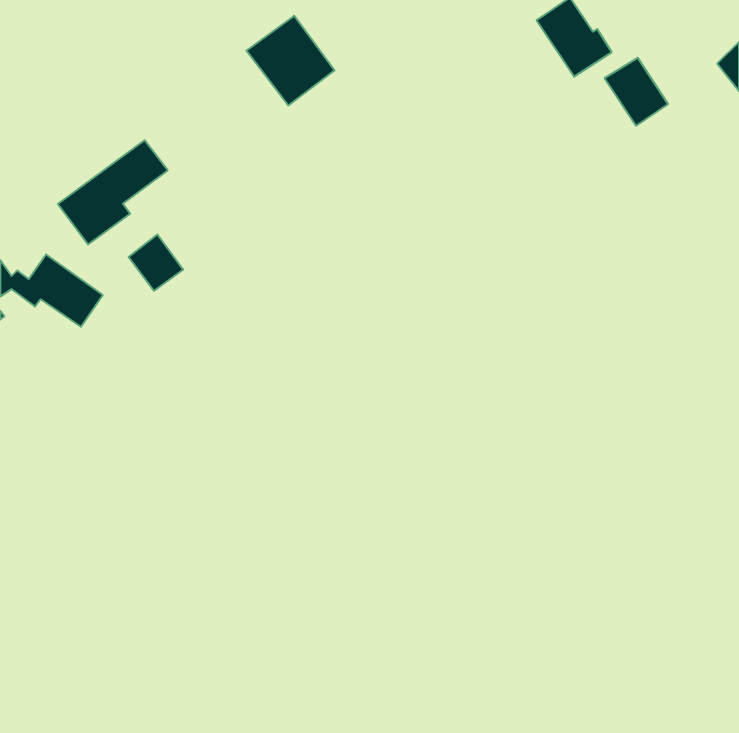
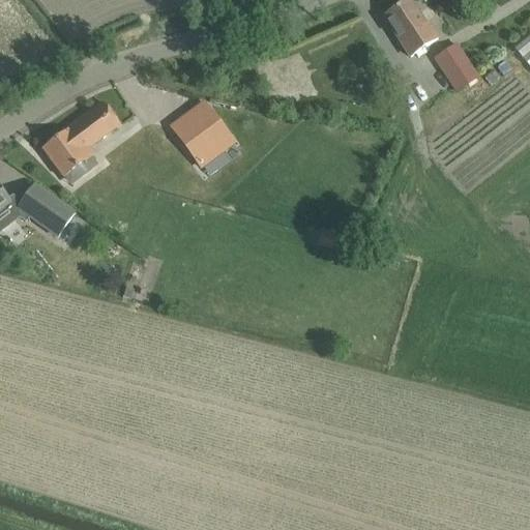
building: [246,16,335,105] -> [170,100,233,165]
building: [129,234,183,291] -> none

